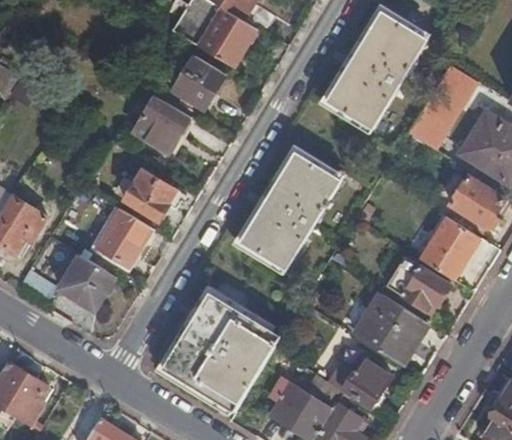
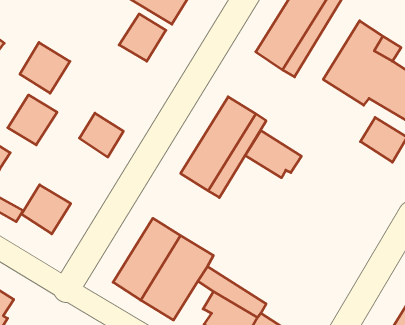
building: [132,96,190,155] -> [20,42,70,93]
building: [95,209,152,267] -> [8,95,57,145]
building: [420,216,480,280] -> none
building: [384,255,449,310] -> [245,130,301,178]
building: [355,295,425,364] -> none
building: [342,360,389,407] -> none

